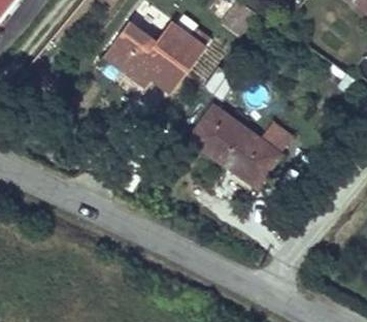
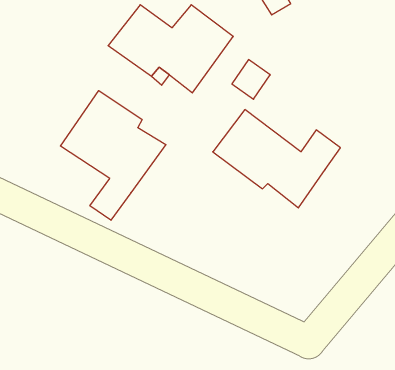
building: none -> [60,91,166,220]

